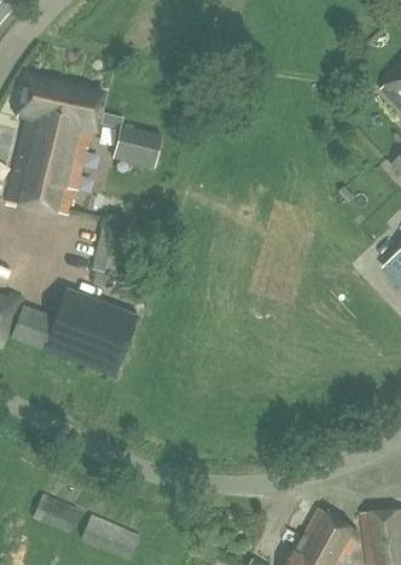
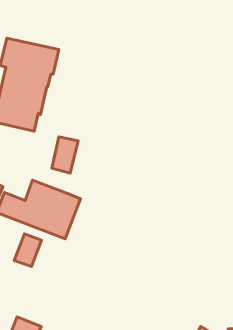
building: [114,123,162,164] -> none
building: none -> [14,234,41,266]

